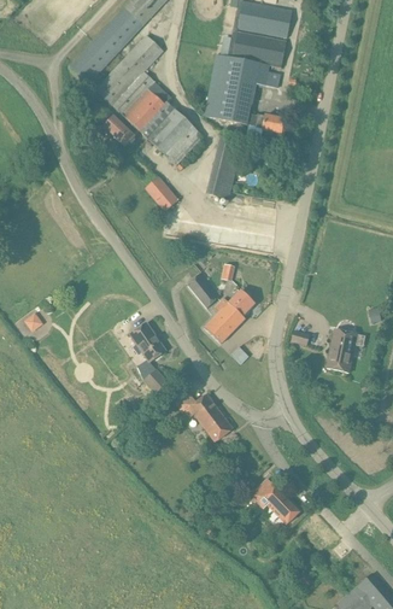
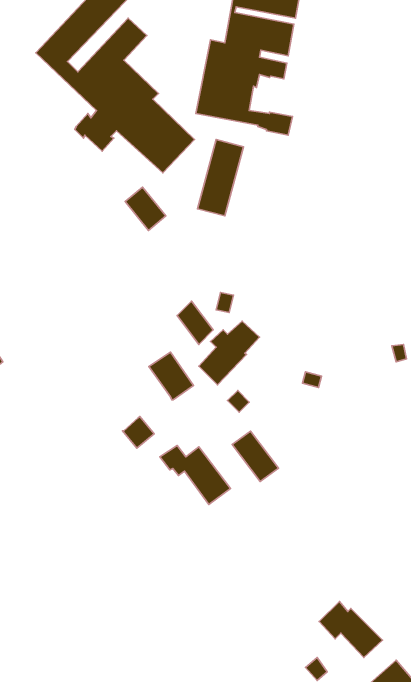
building: [129,322,166,362] -> [149,352,194,400]
building: [328,329,365,371] -> none
building: none -> [232,431,278,481]
building: [250,478,303,525] -> [319,601,383,658]

